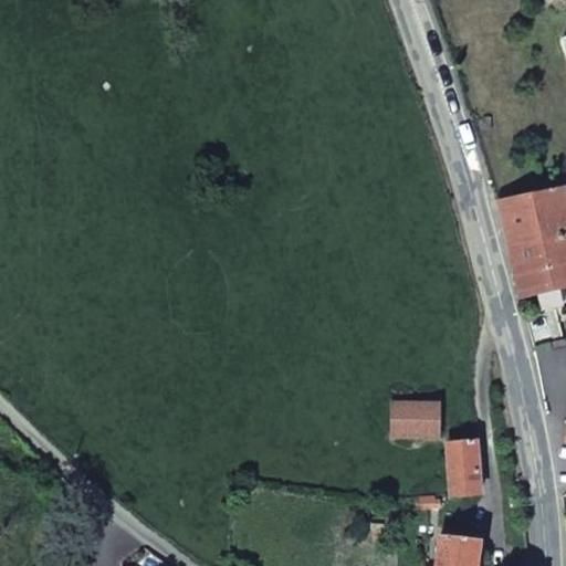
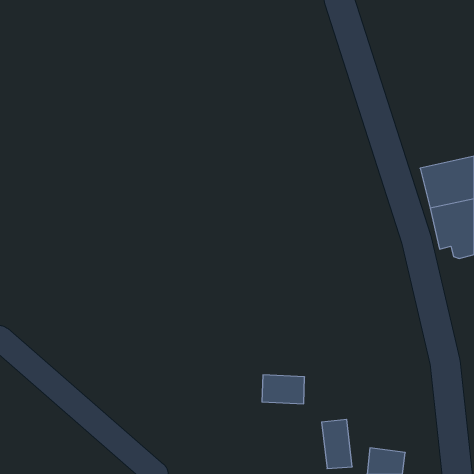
building: [390,401,441,436] -> [262,375,305,404]
building: [446,437,482,495] -> [322,419,352,469]

